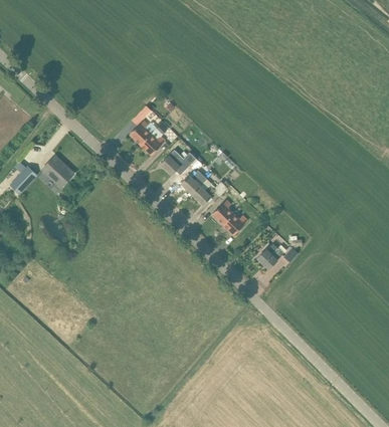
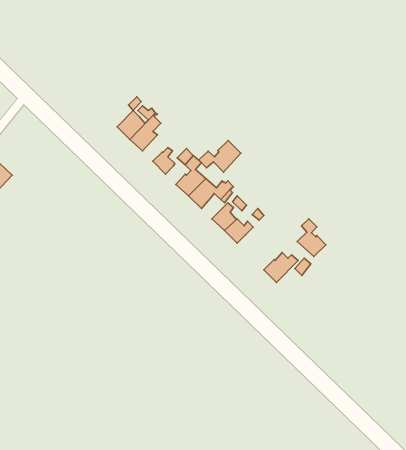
building: none -> [199,141,241,172]
building: [41,156,72,187] -> none
building: none -> [297,219,326,256]

